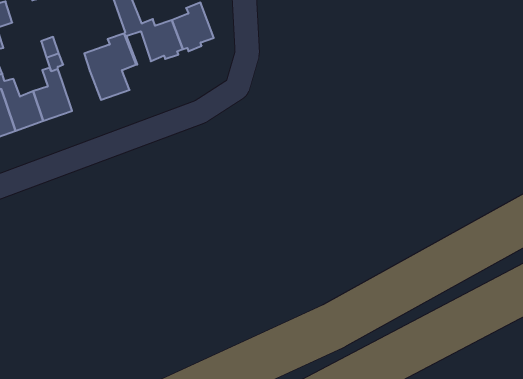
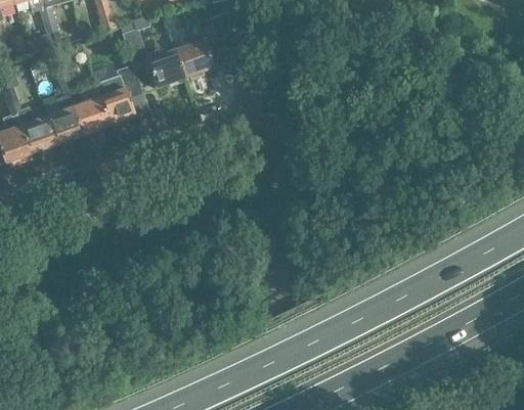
building: none -> [74,98,110,135]

